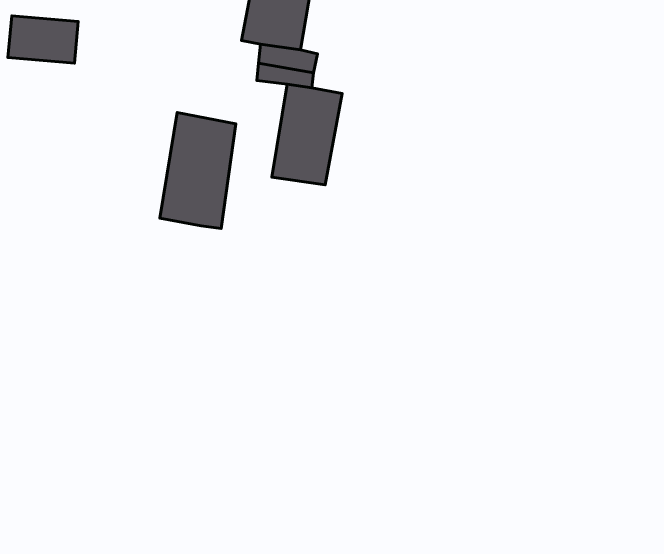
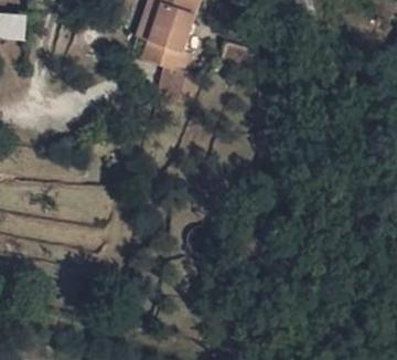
building: [160,112,236,229] -> none

